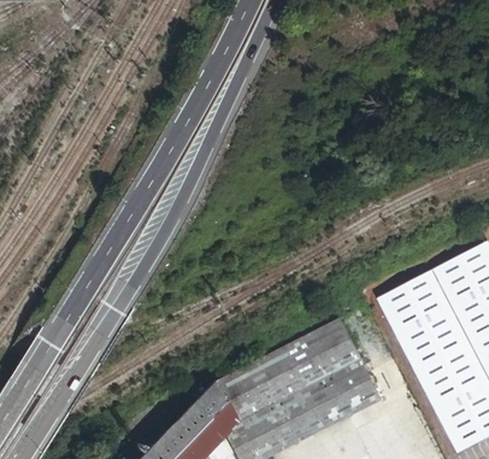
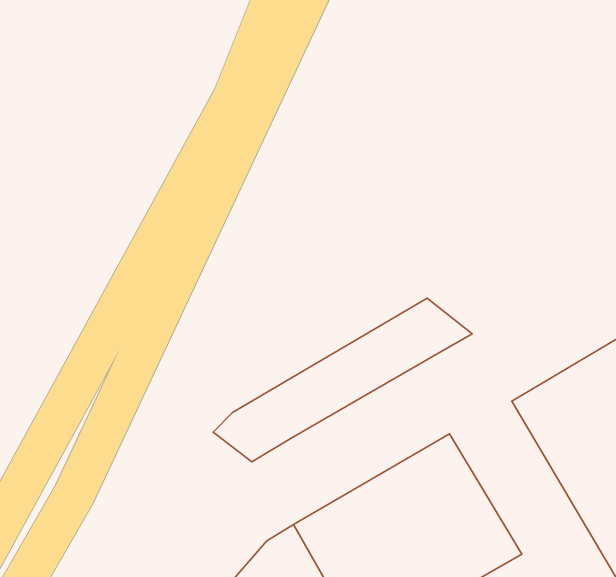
building: none -> [213,298,472,462]

